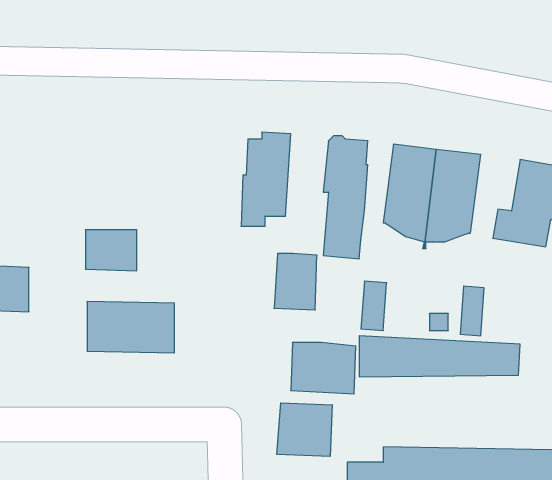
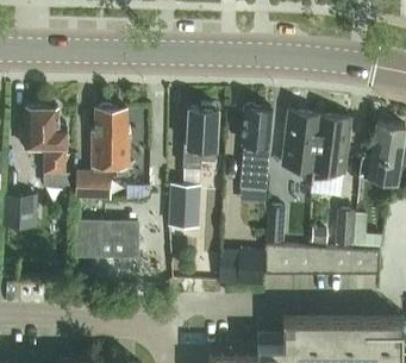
building: none -> [92,106,132,169]
building: none -> [24,107,65,175]
building: [274,254,317,310] -> [170,187,200,226]
building: [277,403,332,456] -> none

